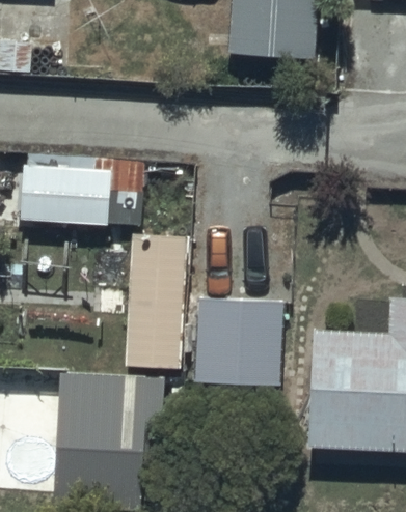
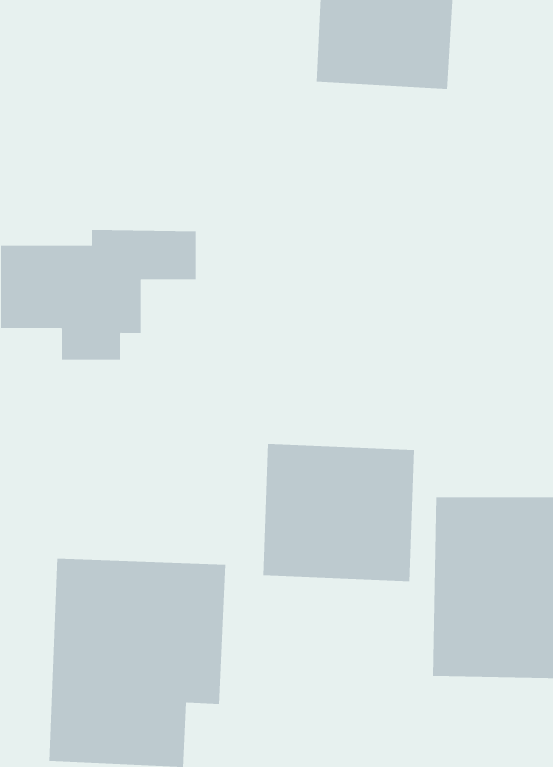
building: [123,235,190,369] -> none

